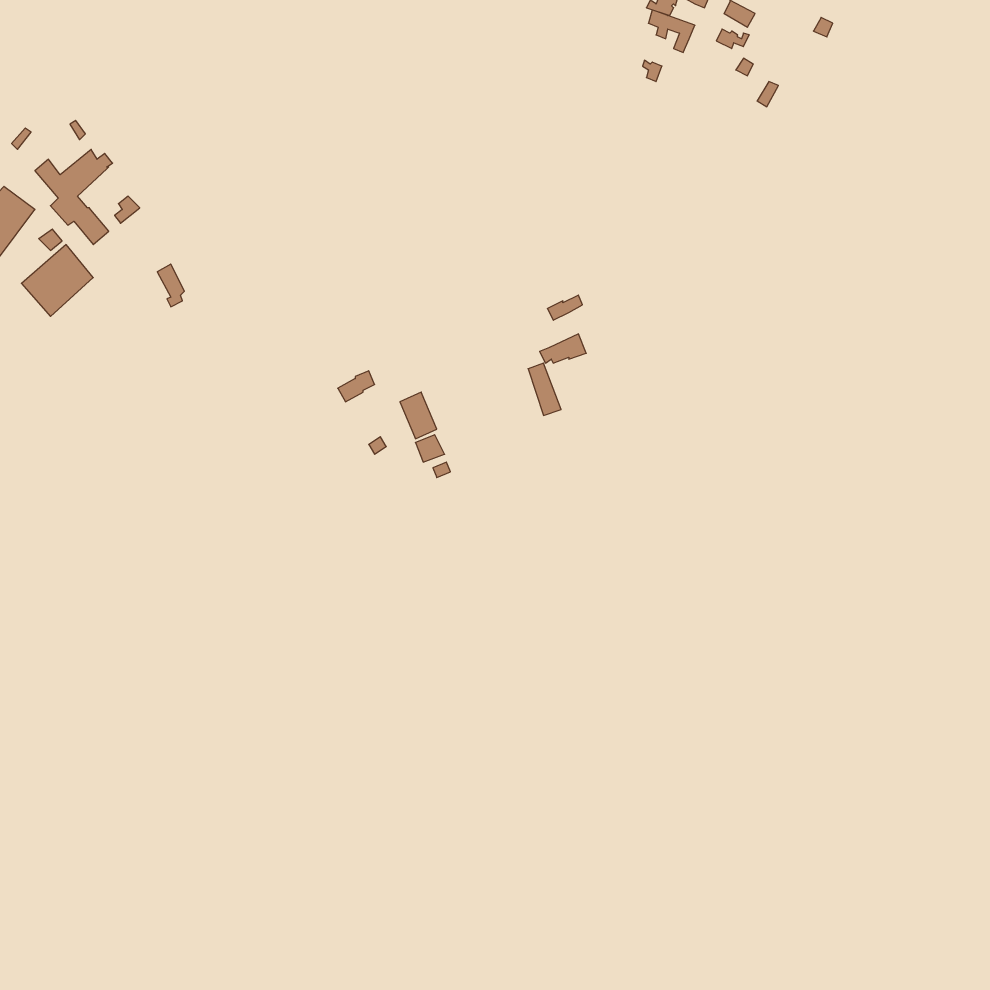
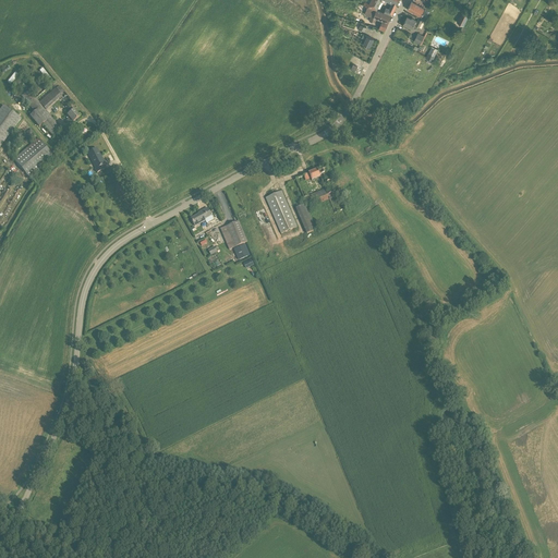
building: none -> [265,191,295,233]

